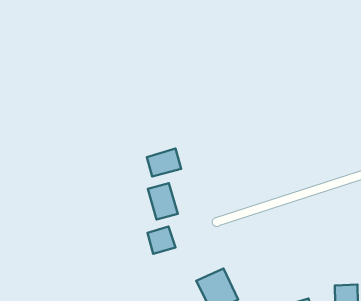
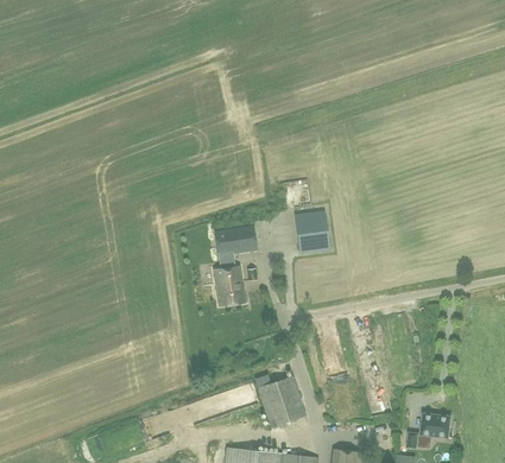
building: none -> [295,211,329,250]
building: [147,227,175,254] -> none

